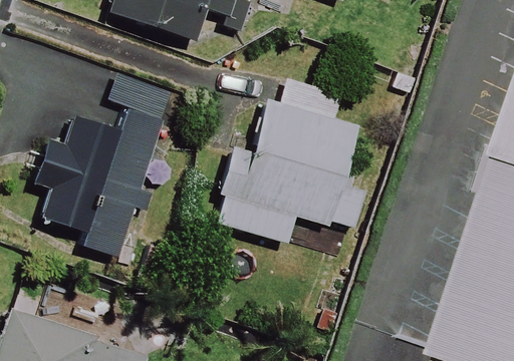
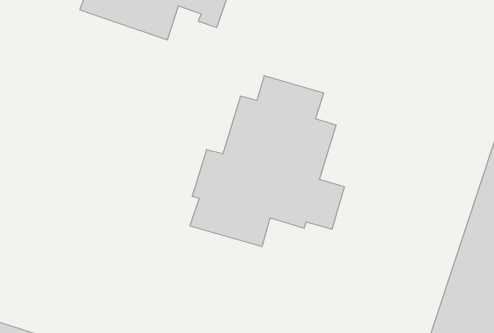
building: [34,109,162,259] -> none

